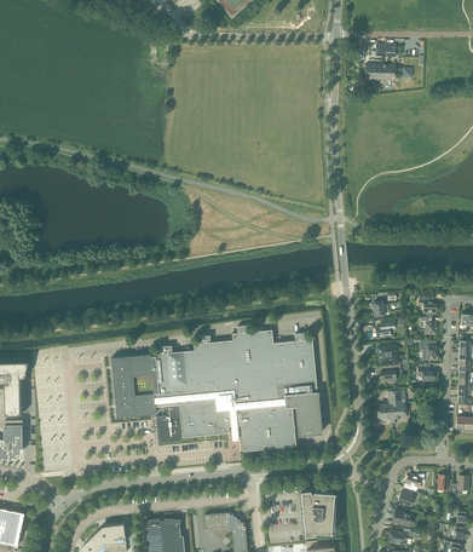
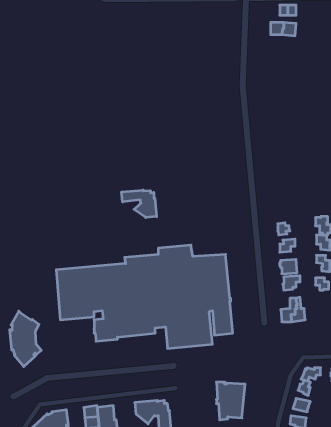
building: none -> [122,190,157,218]
building: none -> [10,311,41,367]

